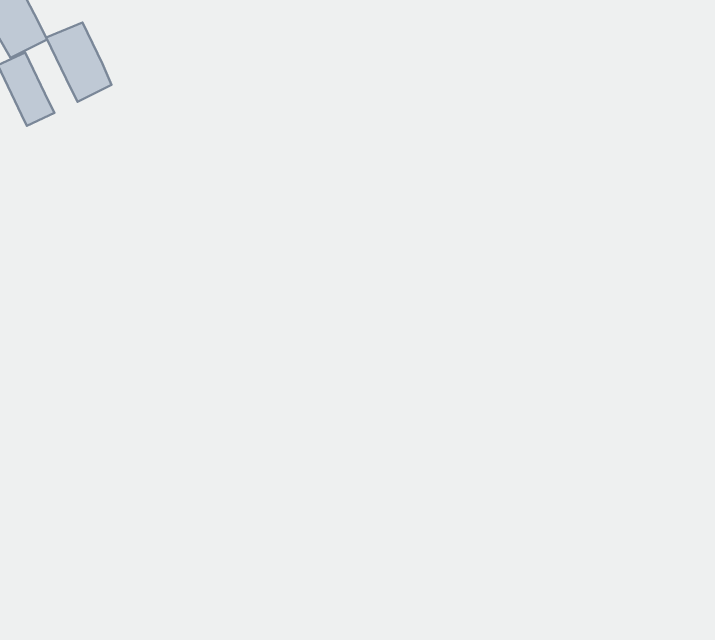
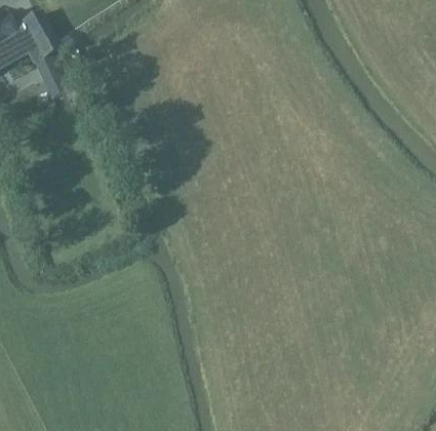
building: [46,22,111,102] -> none

